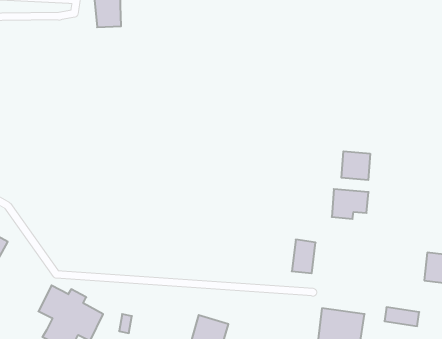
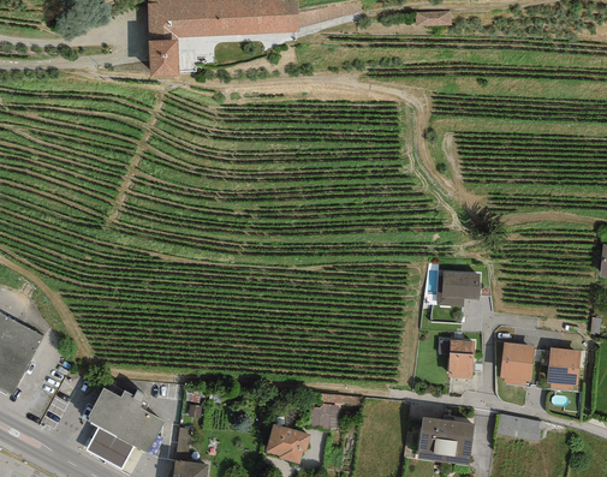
building: [341,151,370,180] -> none
building: [292,240,316,273] -> [447,339,476,380]
building: none -> [502,344,534,380]
building: none -> [311,399,340,424]

